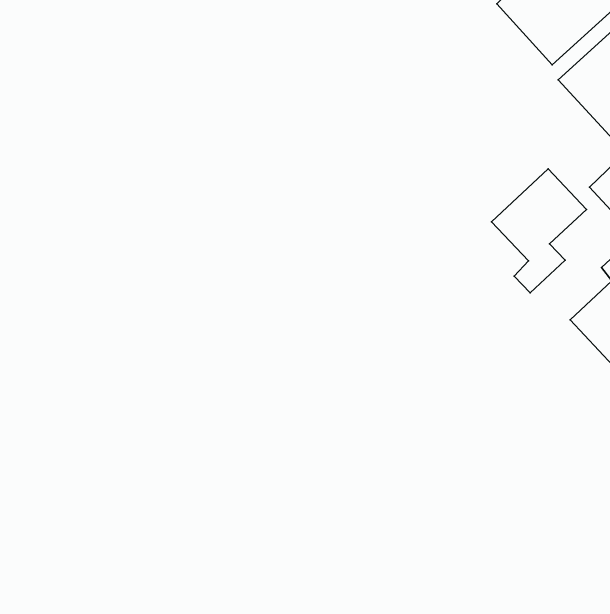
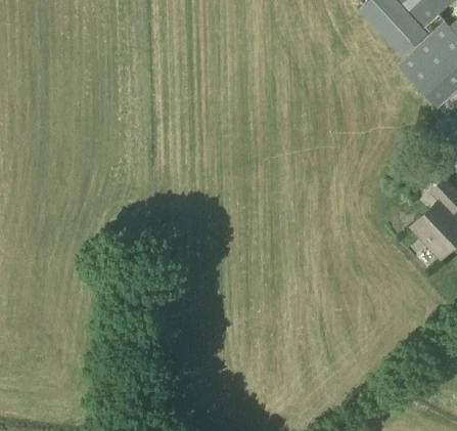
building: [491,169,586,293] -> none

